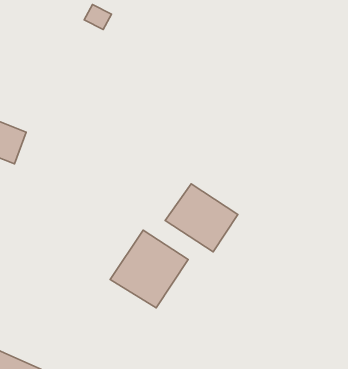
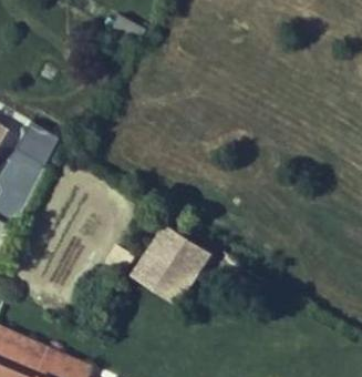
building: [165,184,238,252] -> none

